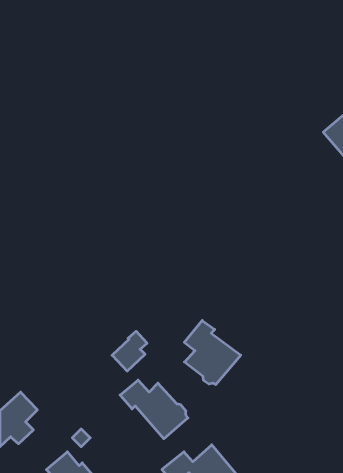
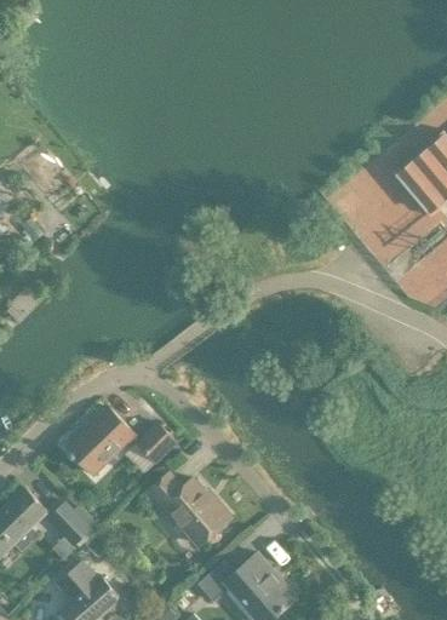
building: [184,320,241,385] -> none
building: none -> [67,407,136,476]
building: none -> [48,501,92,546]

